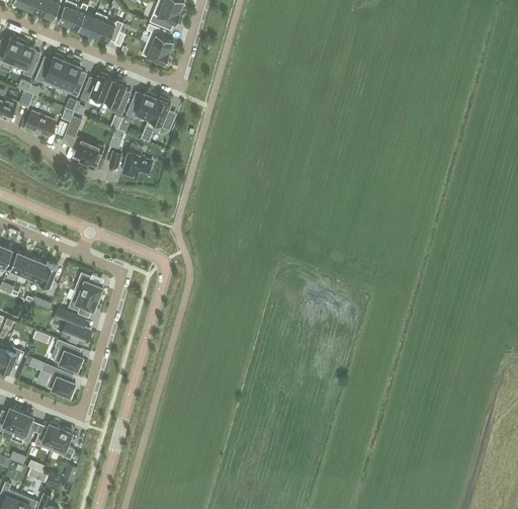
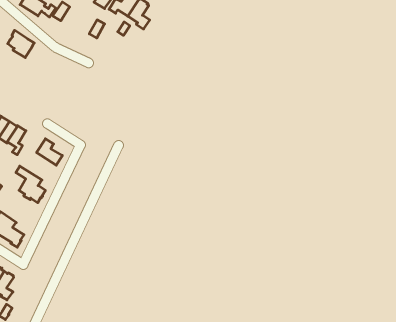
building: [74,139,103,167] -> [8,30,34,58]
building: [109,152,152,176] -> none
building: [68,289,98,312] -> none
building: [54,339,83,370] -> none

